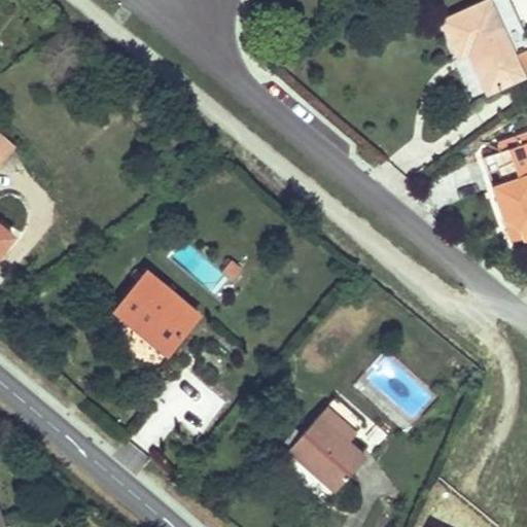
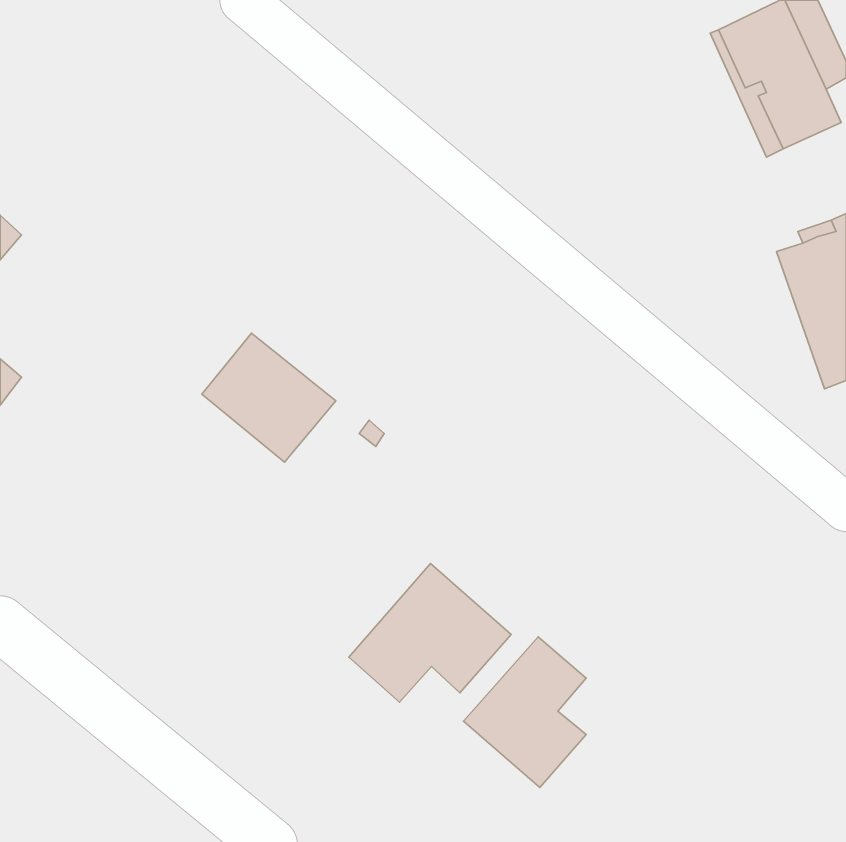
building: [115,274,199,354] -> [202,333,336,462]
building: none -> [349,563,511,702]

